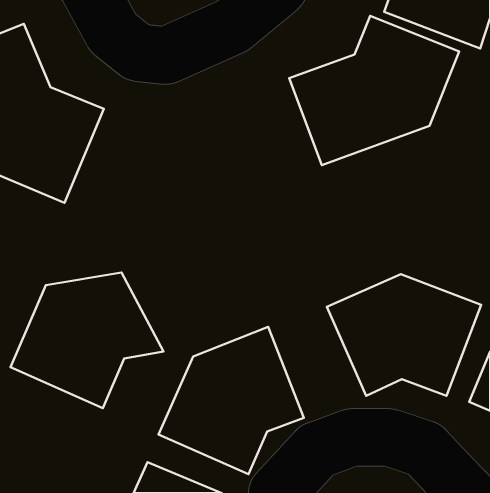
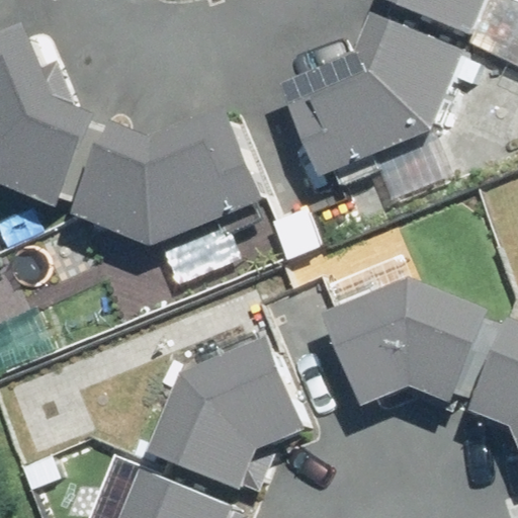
building: none -> [75,105,269,243]
building: [10,273,163,408] -> none

